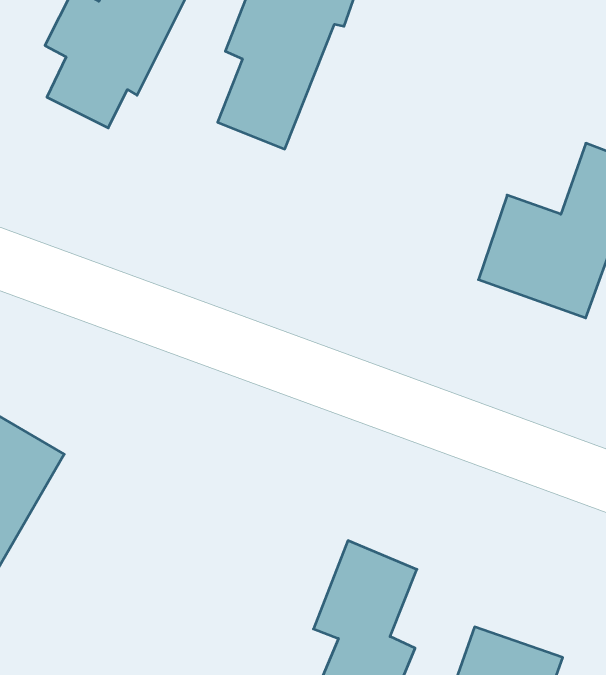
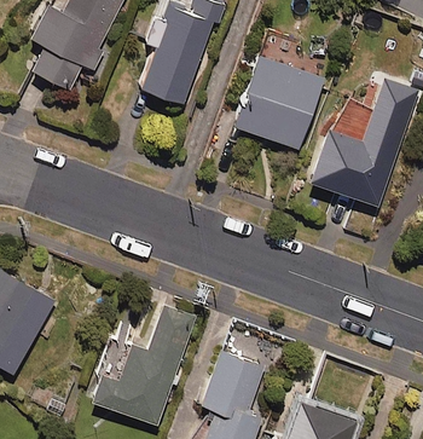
building: none -> [228,54,320,150]
building: none -> [93,306,196,422]

